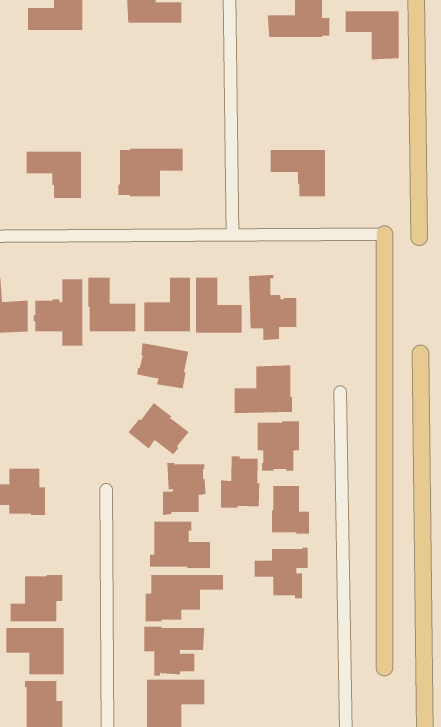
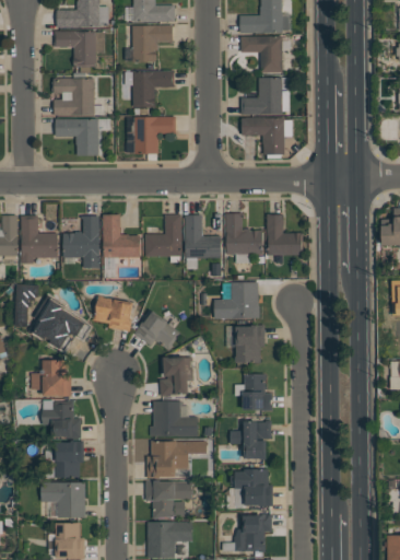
building: [345,11,399,60] -> [240,36,282,73]
building: none -> [132,25,173,62]
building: none -> [55,31,96,67]
building: none -> [132,71,174,107]
building: none -> [240,78,282,115]
building: none -> [54,79,94,116]
building: none -> [267,214,303,256]
building: [136,343,189,389] -> [93,296,133,331]
building: none -> [43,301,90,357]
building: [221,456,260,509] -> none
building: none -> [42,401,81,439]
building: none -> [231,469,273,506]
building: none -> [234,515,271,552]

